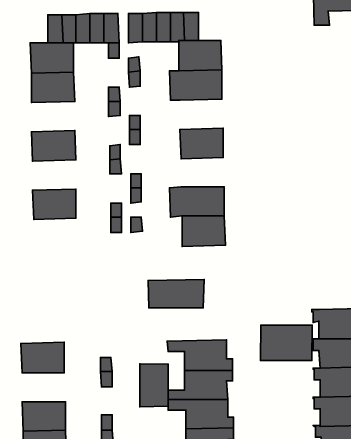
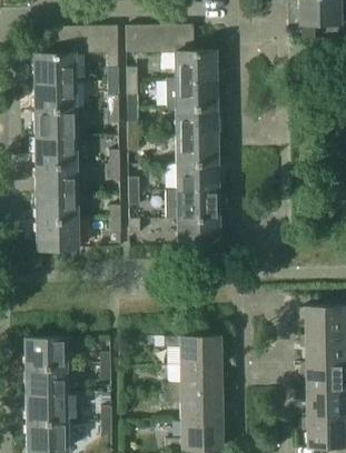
building: none -> [175,108,216,137]
building: none -> [33,110,83,139]
building: none -> [176,163,217,191]
building: none -> [34,165,76,194]
building: none -> [36,221,77,250]
building: [148,280,204,308] -> none
building: [260,325,312,361] -> none
building: [140,364,168,407] -> none
building: none -> [24,368,66,395]

